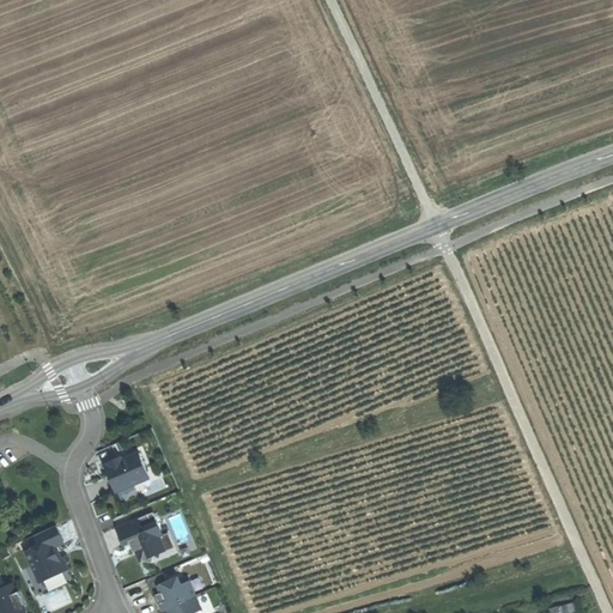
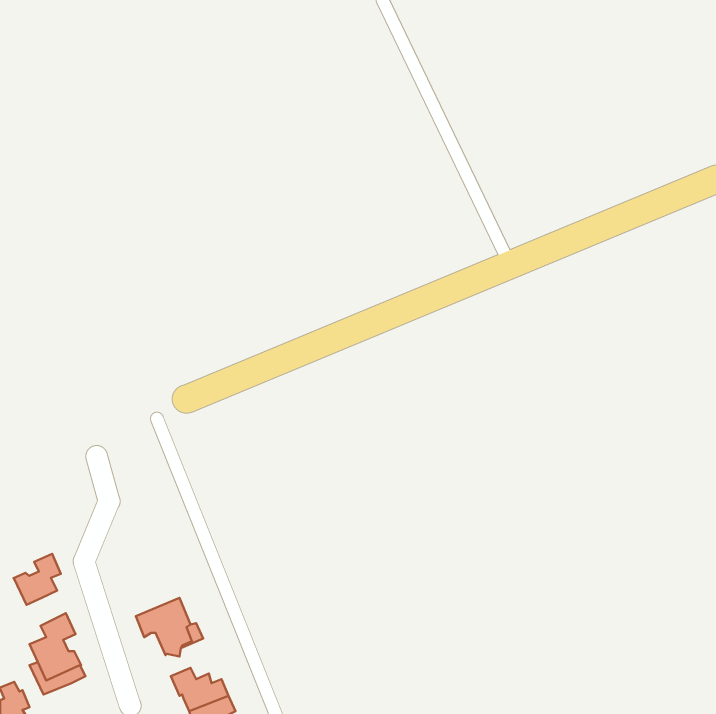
building: [108,454,148,492] -> none
building: none -> [13,554,61,605]

